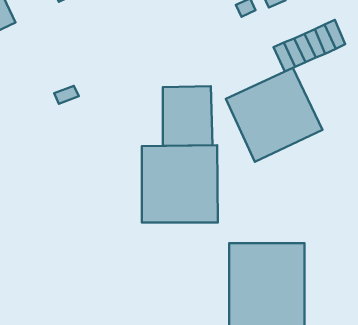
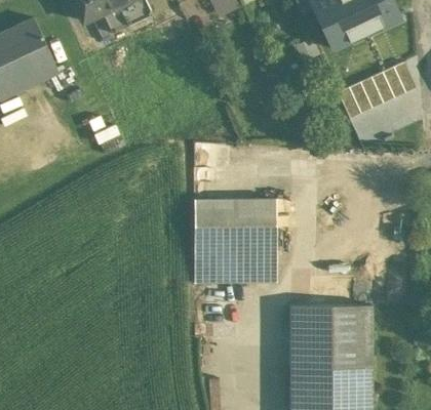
building: [226,68,322,162] -> none
building: [163,86,212,146] -> none

